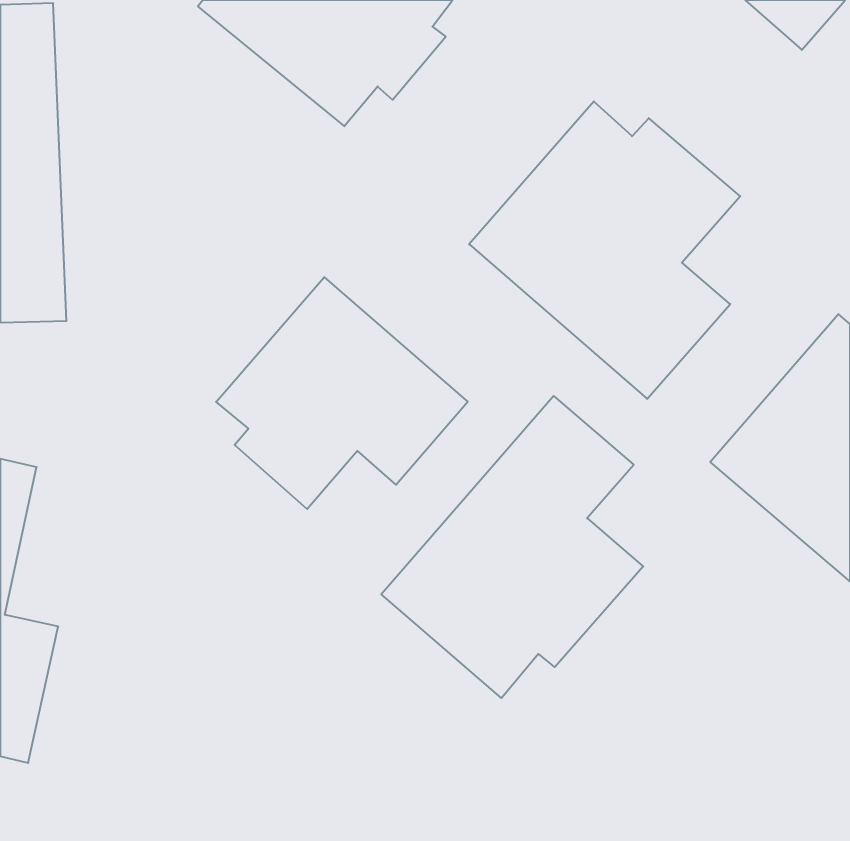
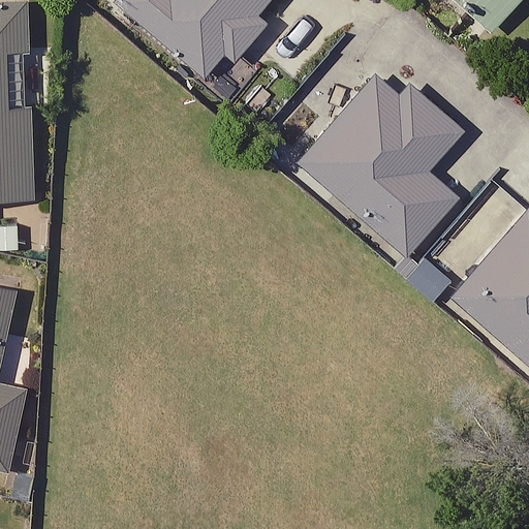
building: [216,277,468,509] -> none
building: [381,396,643,698] -> none

